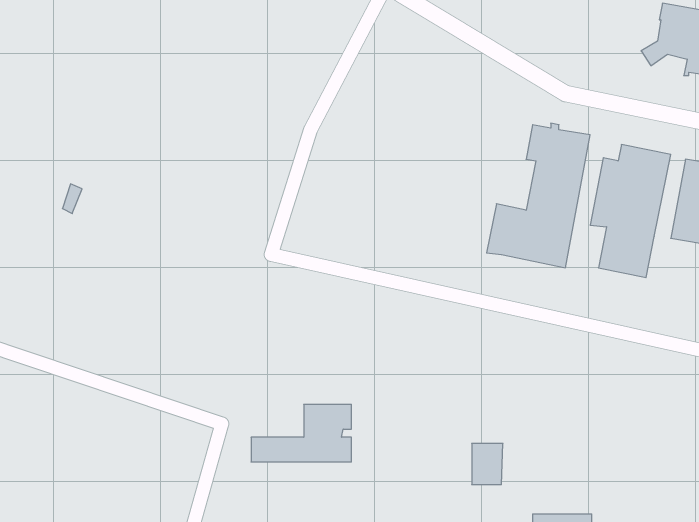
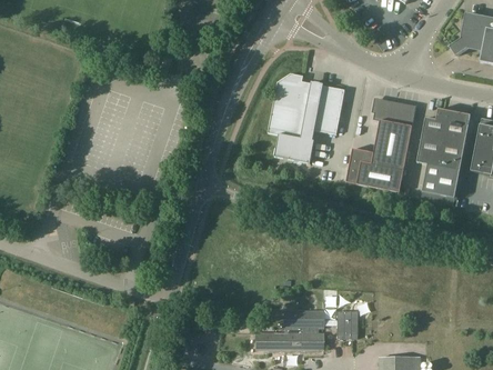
building: none -> [268,73,344,163]
building: [251,404,351,462] -> [255,310,323,349]

